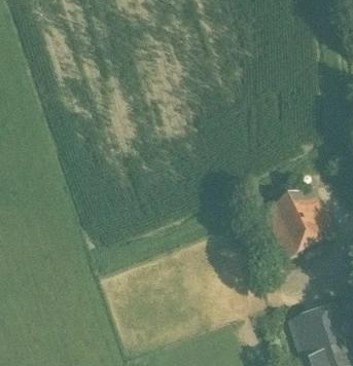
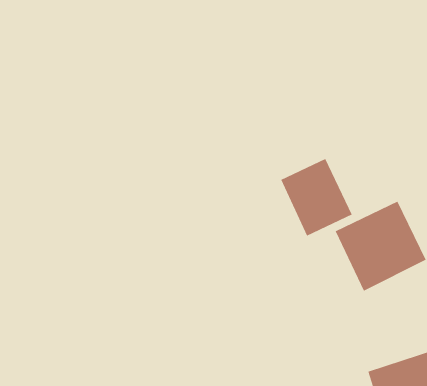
building: none -> [280,158,353,237]

